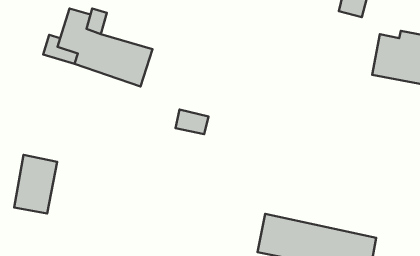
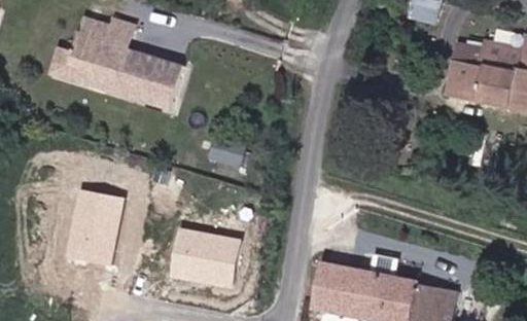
building: [14,155,57,214] -> [69,192,121,263]
building: none -> [167,229,240,288]

